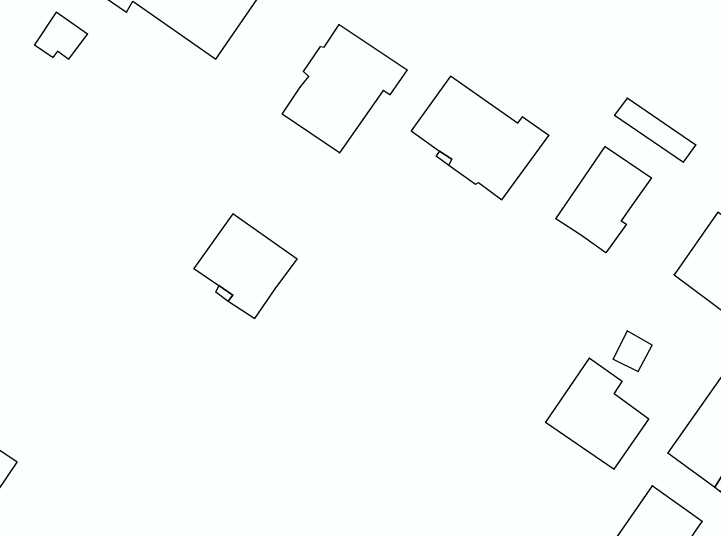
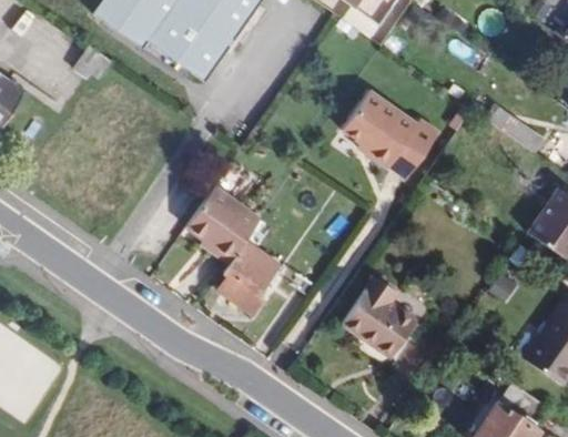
building: [282,25,407,153] -> none
building: [556,147,651,253] -> none
building: none -> [219,242,278,314]
building: [545,358,649,469] -> [342,278,415,357]

